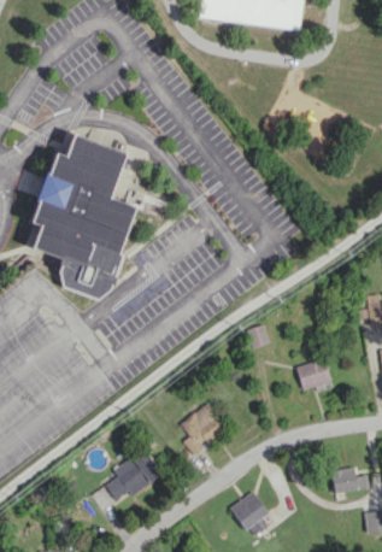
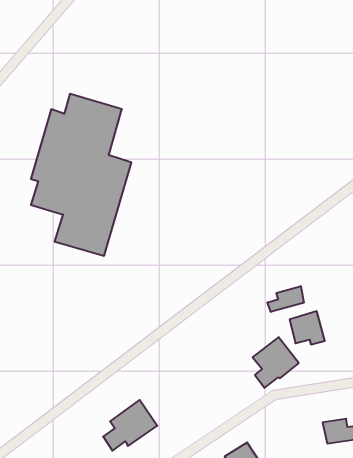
building: none -> [267,286,304,312]
building: [181,403,228,454] -> [253,337,299,388]

